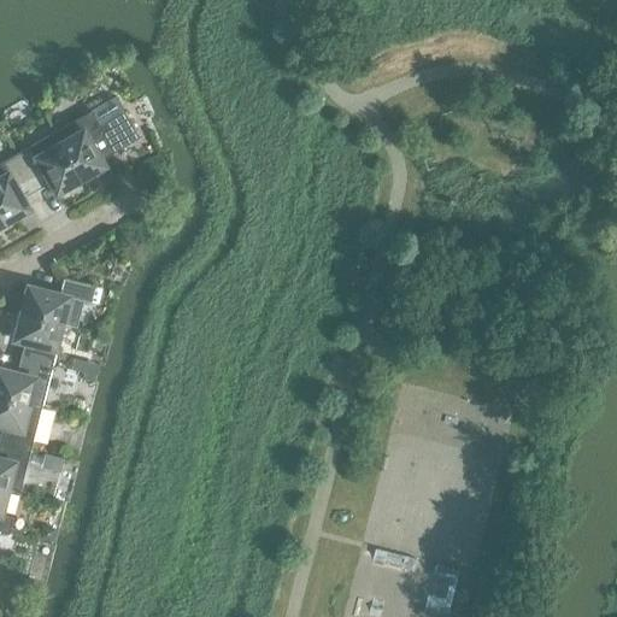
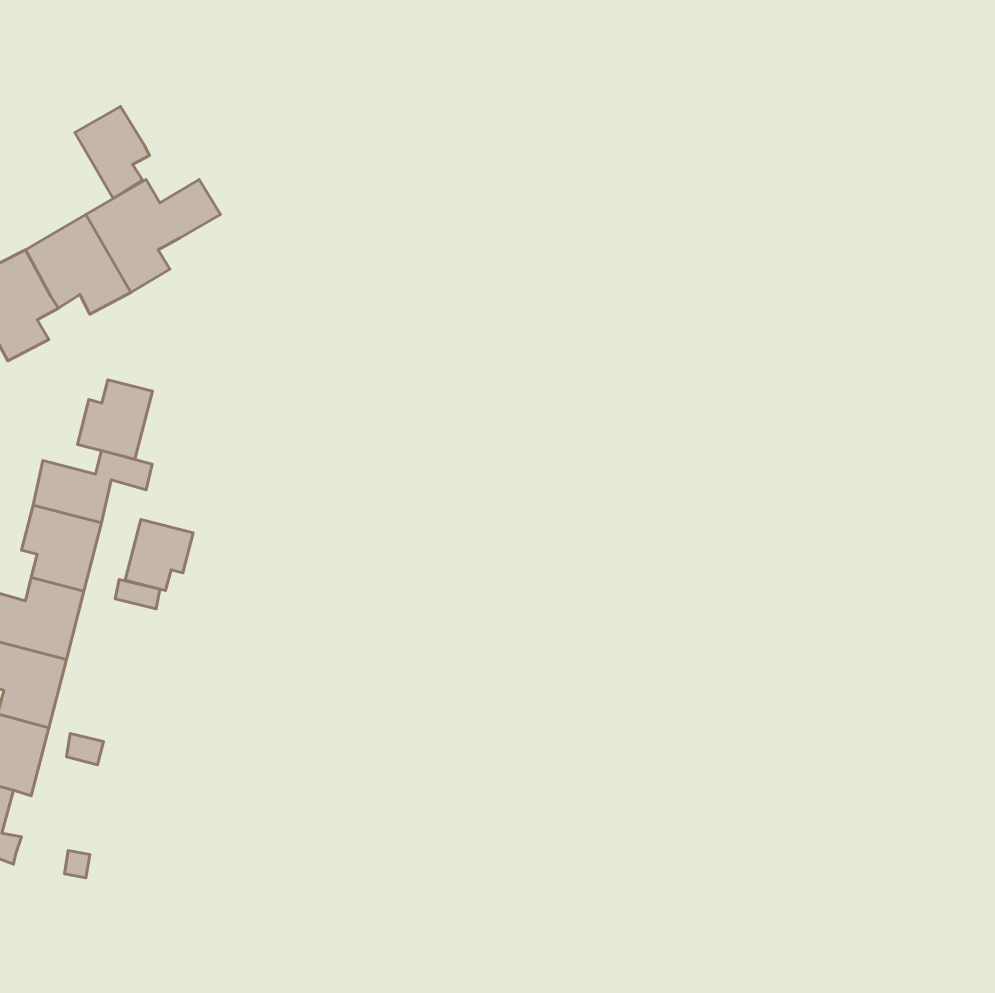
building: none -> [75,106,149,199]
building: none -> [77,380,152,459]
building: none -> [125,519,193,591]

